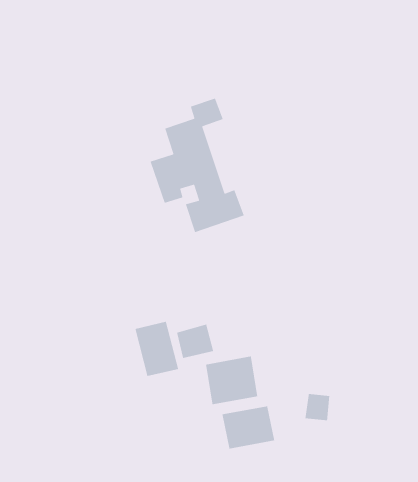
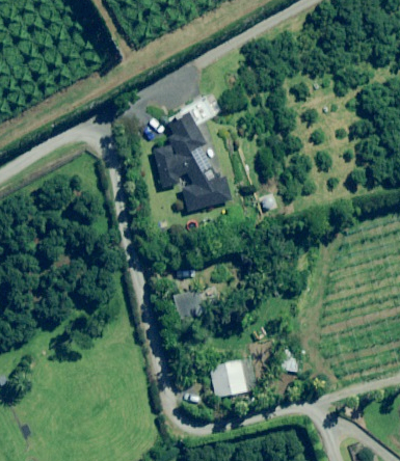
building: [134,321,179,377] -> none
building: [205,356,258,405] -> none

